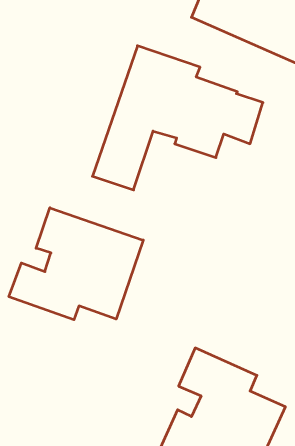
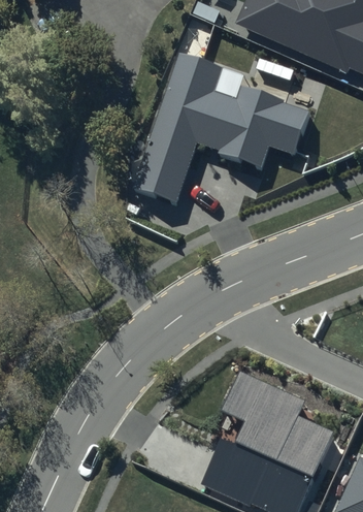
building: [9,208,143,320] -> none

